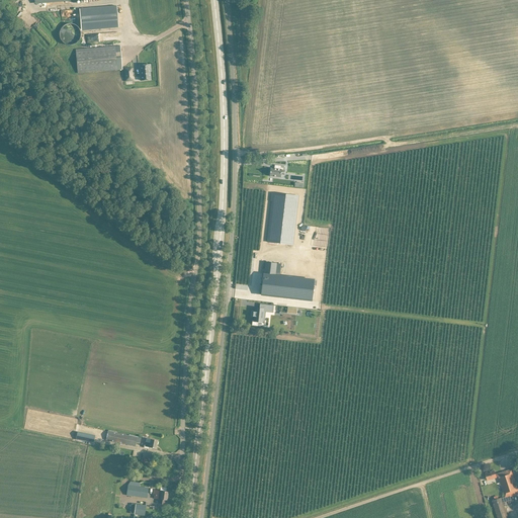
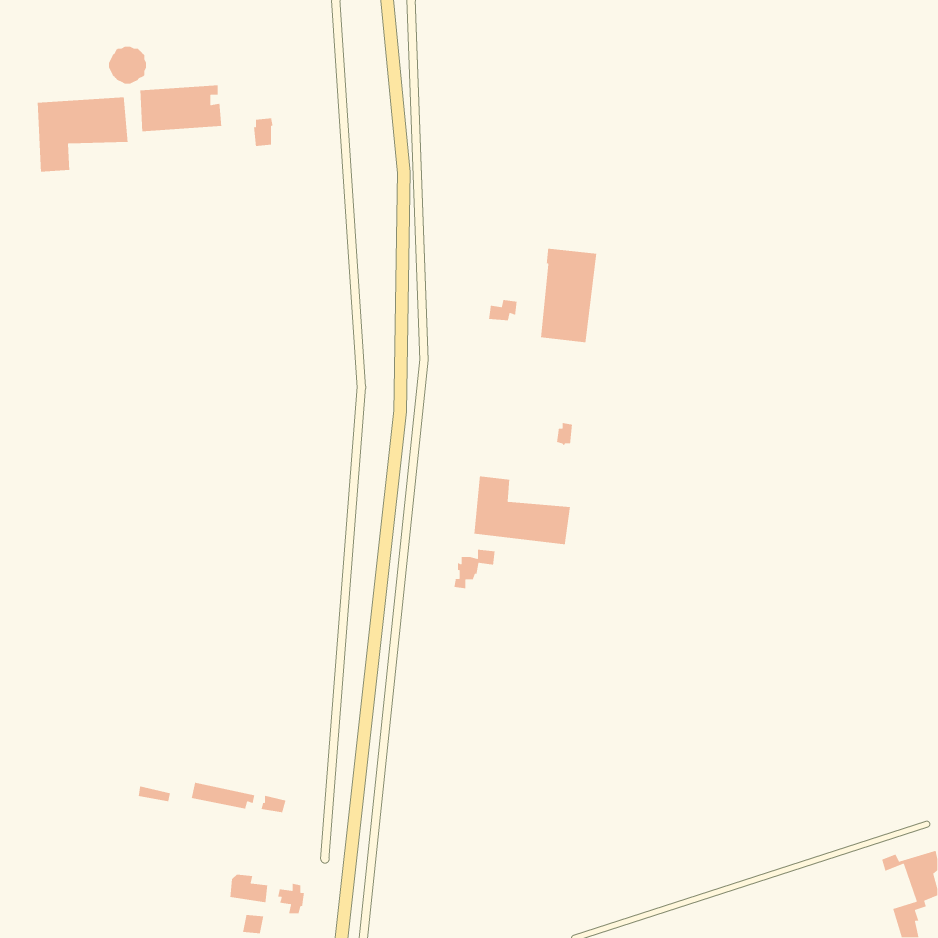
building: [89,5,119,28] -> none
building: none -> [37,96,128,172]
building: [267,192,298,245] -> [540,248,597,343]

